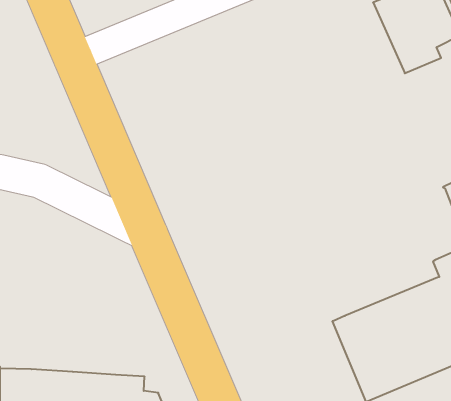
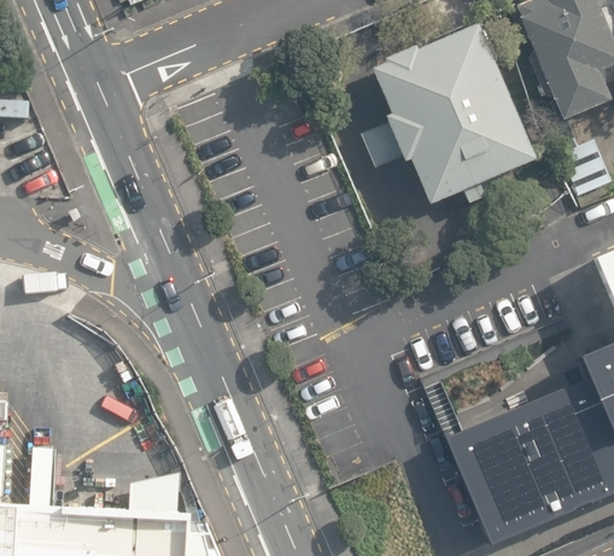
building: none -> [364,24,538,205]

